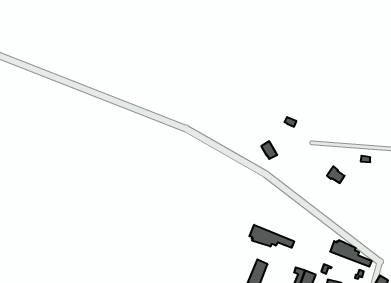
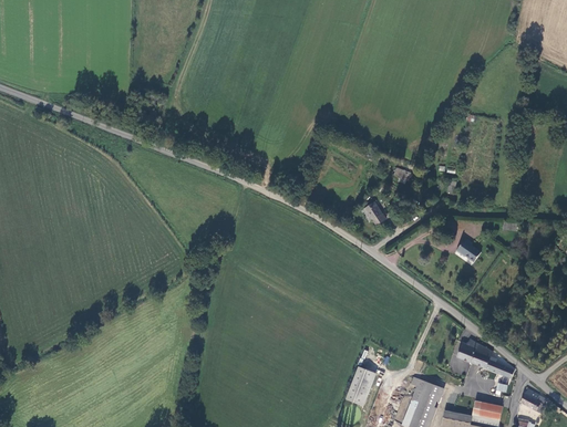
building: [249,225,294,248] -> none

